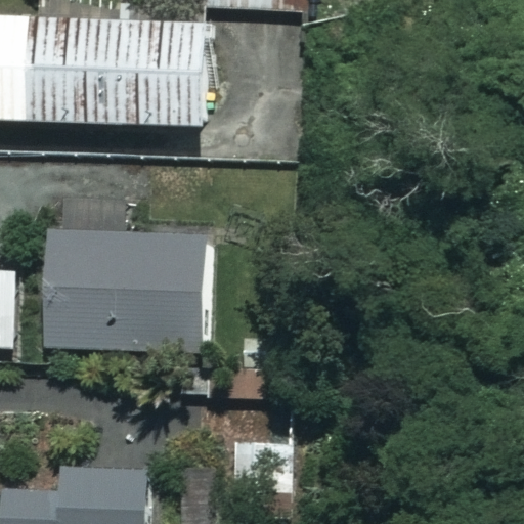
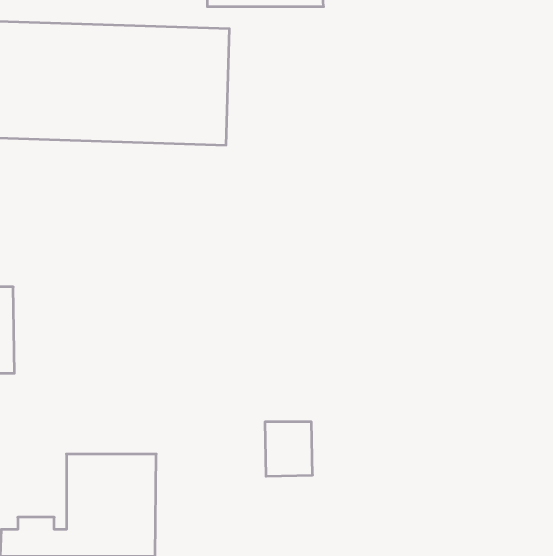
building: [44,219,201,349] -> none

